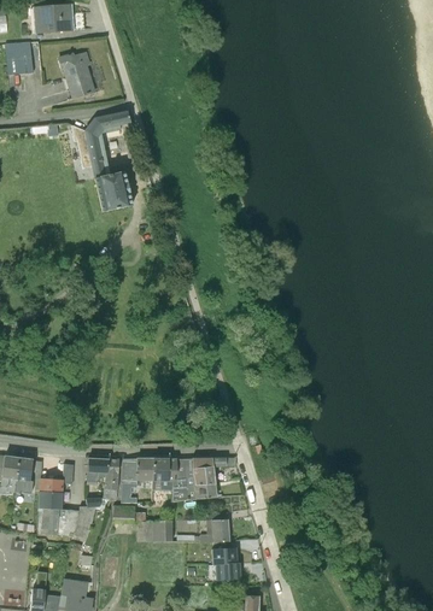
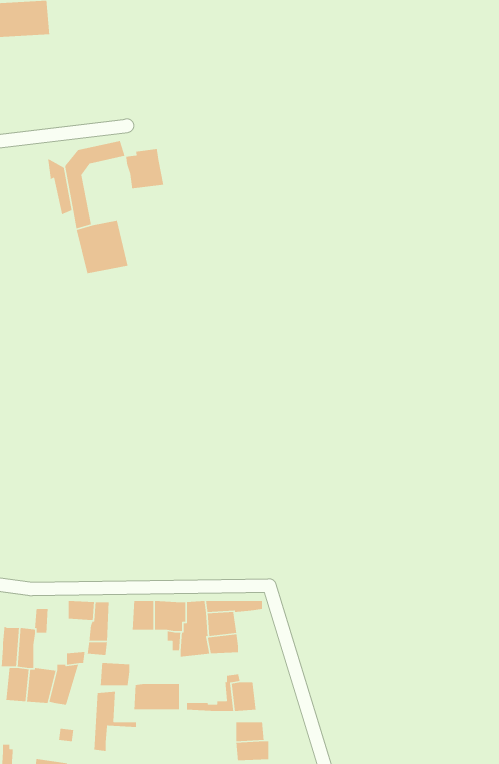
building: [57,52,95,100] -> none
building: none -> [125,148,164,189]
building: [119,458,152,504] -> [94,691,137,752]

